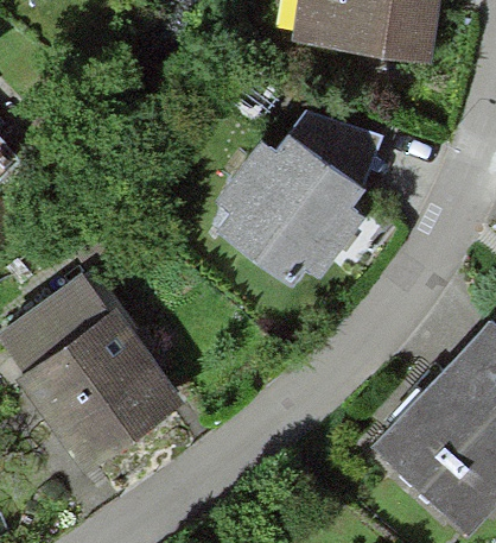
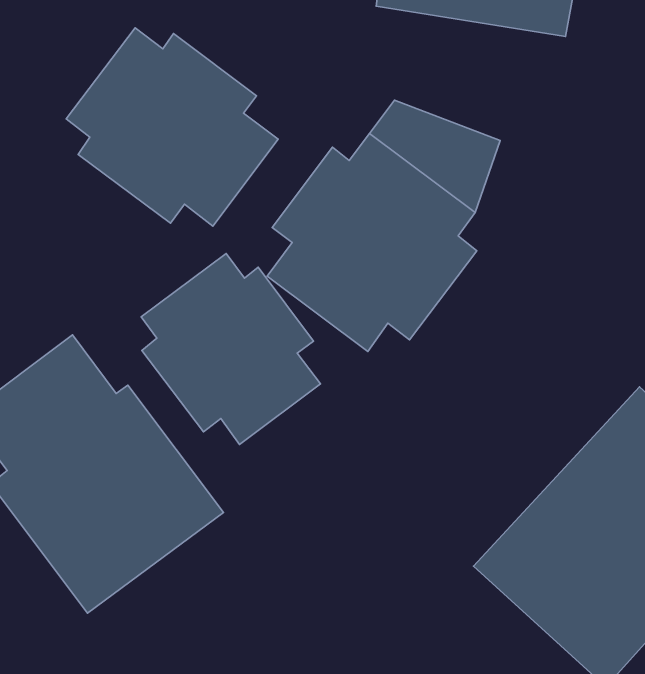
building: none -> [66,28,278,226]
building: none -> [141,254,320,445]

